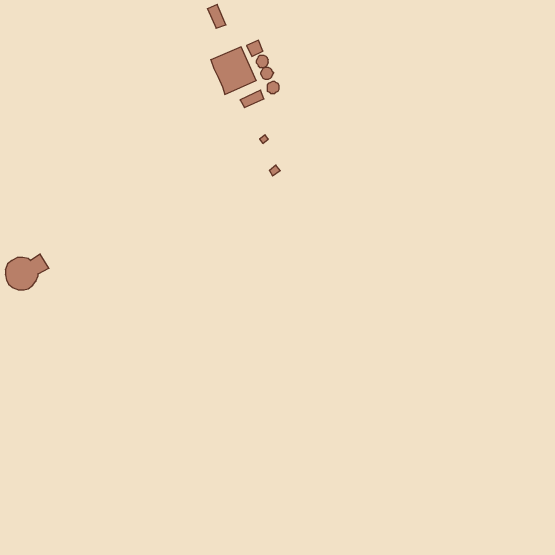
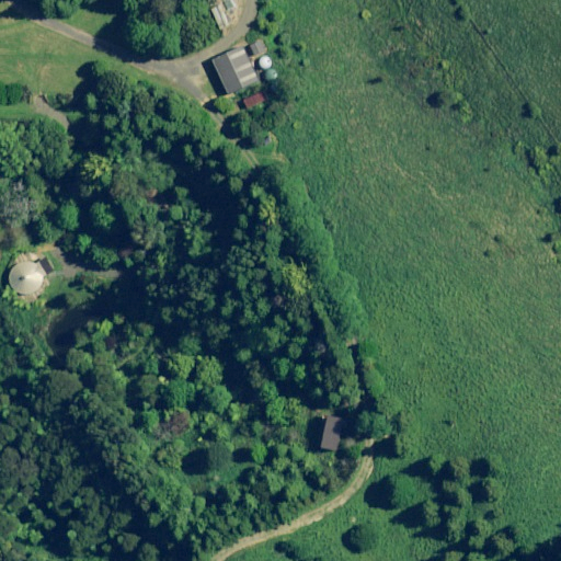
building: none -> [321,415,344,450]

